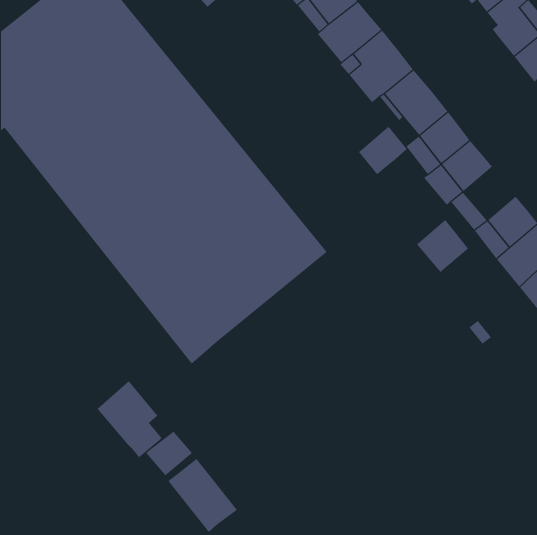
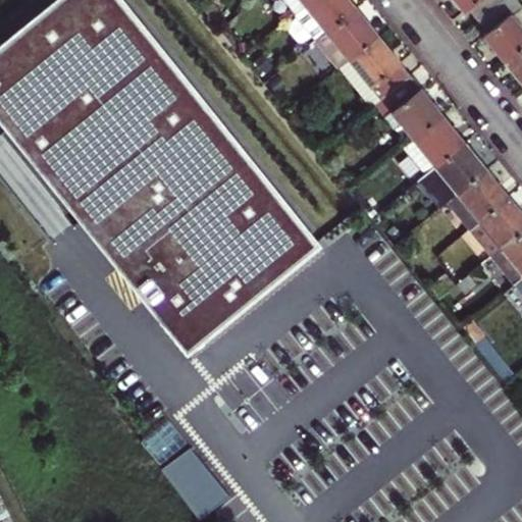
building: [358,126,408,175] -> none
building: [416,219,469,273] -> [450,161,501,213]
building: [97,381,162,458] -> none

